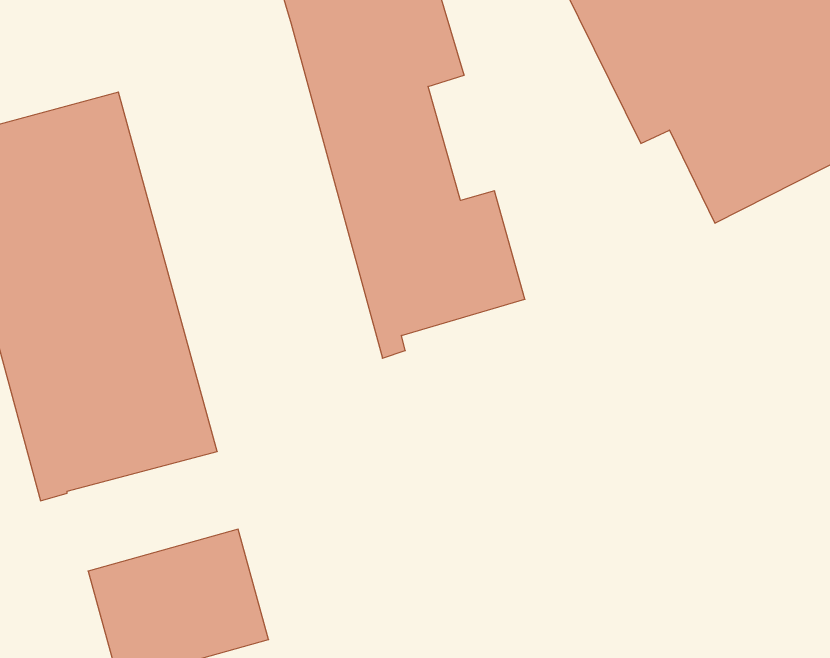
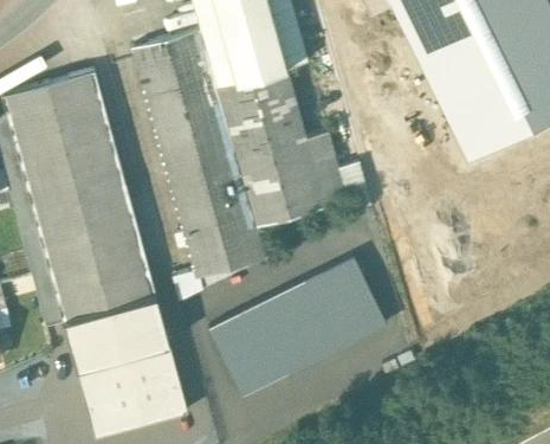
building: none -> [134,28,265,277]
building: none -> [208,257,388,395]
building: none -> [63,295,169,369]

